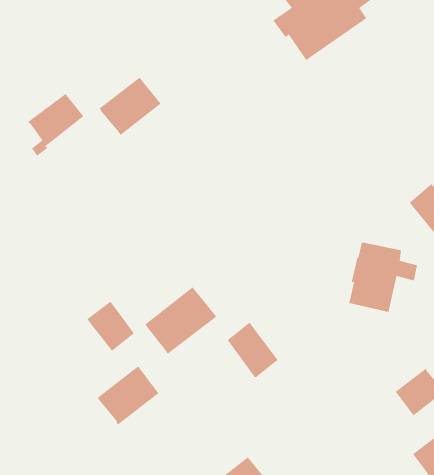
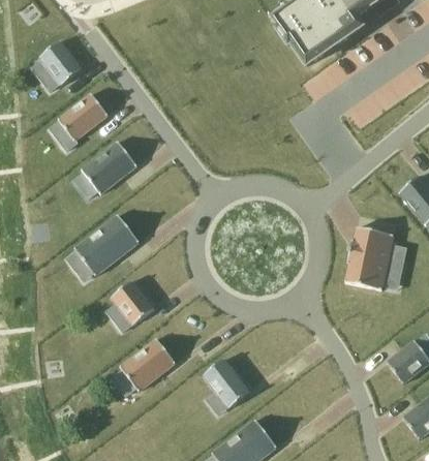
building: none -> [39,41,83,86]
building: [99,77,162,136] -> [82,142,137,194]
building: [144,286,217,355] -> [74,215,140,276]
building: [227,322,279,378] -> [204,359,250,409]

